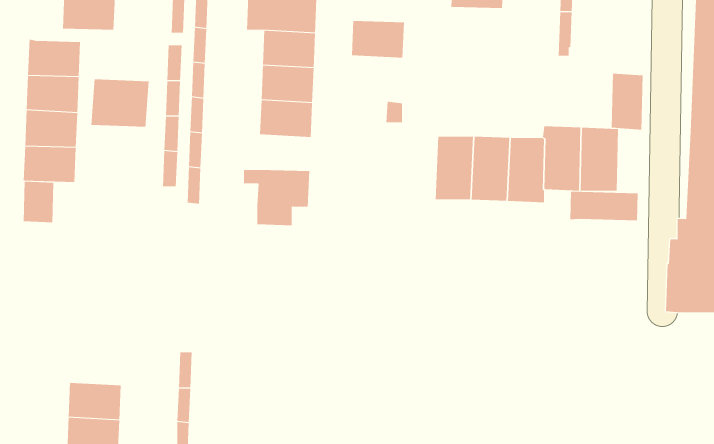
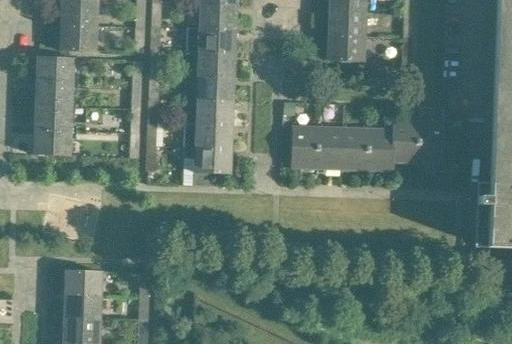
building: [351,21,405,58] -> [327,35,364,61]
building: [611,73,643,130] -> none
building: [91,79,149,128] -> none
building: none -> [185,123,232,148]
building: none -> [290,123,319,168]
building: [23,181,54,223] -> none
building: [570,191,638,221] -> none
building: none -> [65,270,102,296]

